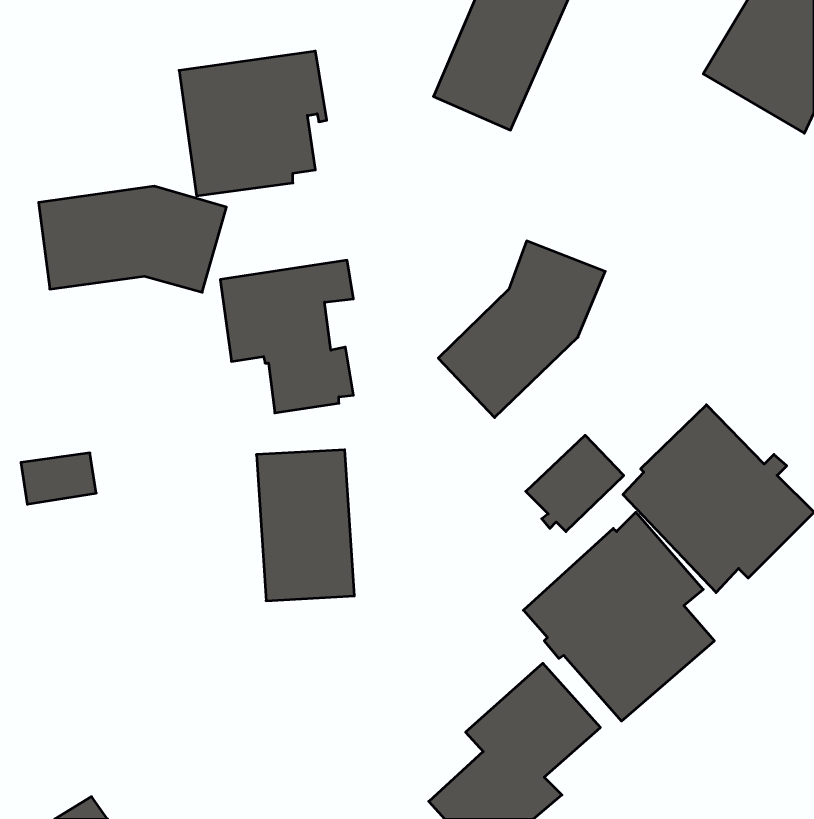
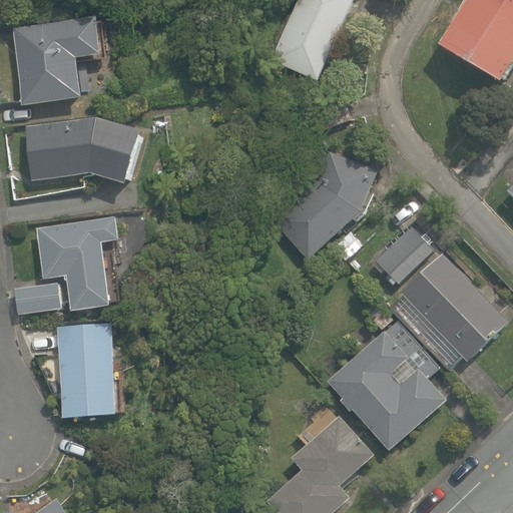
building: [179,51,327,196] -> [11,15,103,105]
building: [220,260,353,413] -> [36,215,119,311]
building: [526,435,624,532] -> [373,224,434,285]
building: [256,450,354,601] -> [56,323,117,417]

